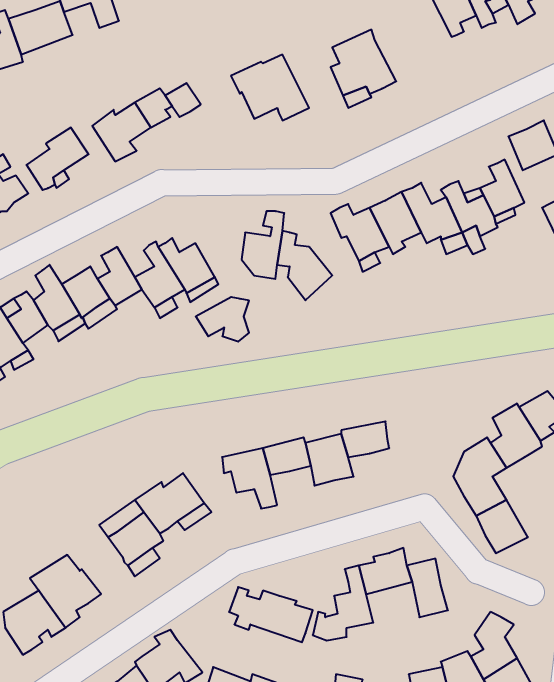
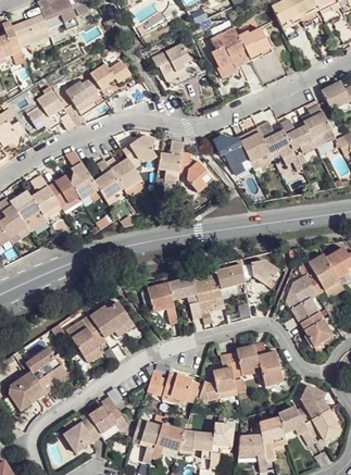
building: none -> [238,27,272,62]
building: [196,297,249,342] -> [121,135,153,162]
building: none -> [245,263,278,288]

